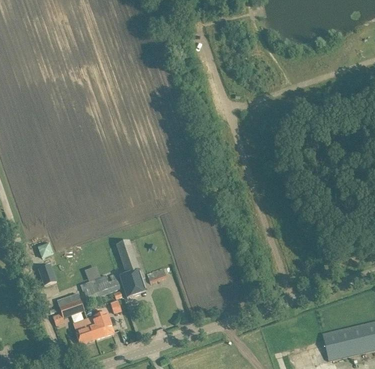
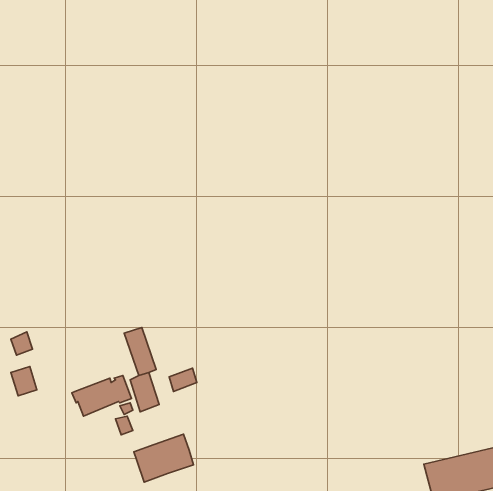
building: [49,294,84,317] -> none
building: [73,311,114,344] -> [134,434,194,482]

